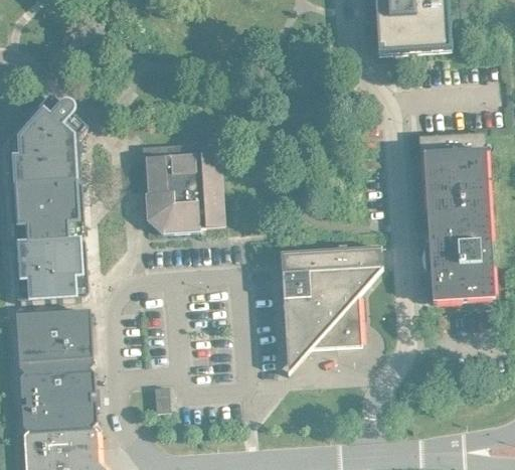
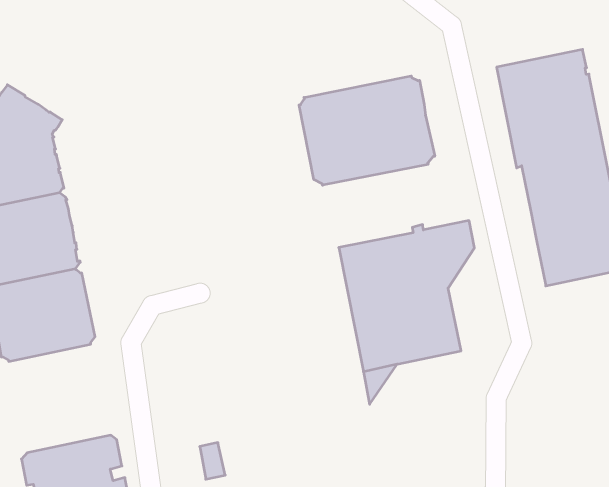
building: [145,132,223,231] -> none
building: none -> [299,76,435,185]
building: [16,313,93,374] -> none

